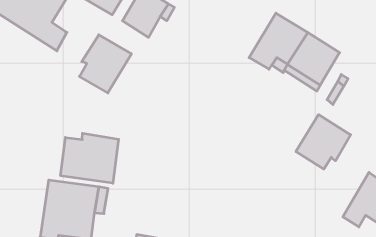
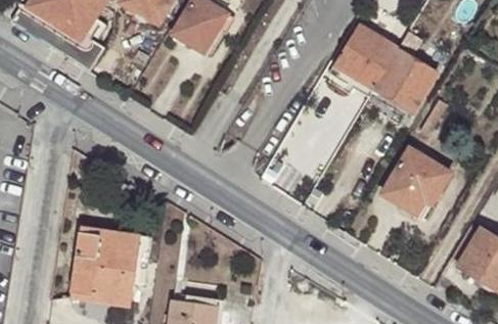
building: [79,35,131,93] -> none
building: [61,133,119,183] -> none

